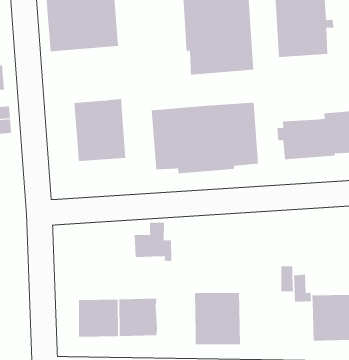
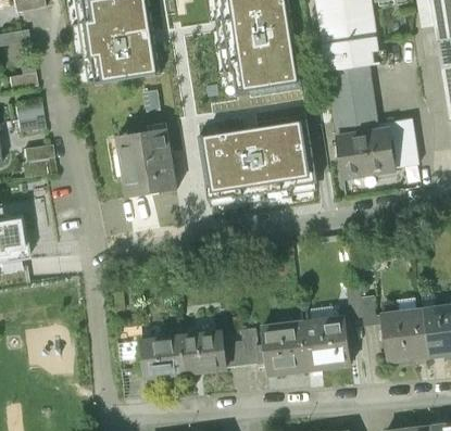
building: none -> [328,65,376,137]
building: [134,222,172,262] -> [223,326,265,366]
building: none -> [309,315,353,373]

